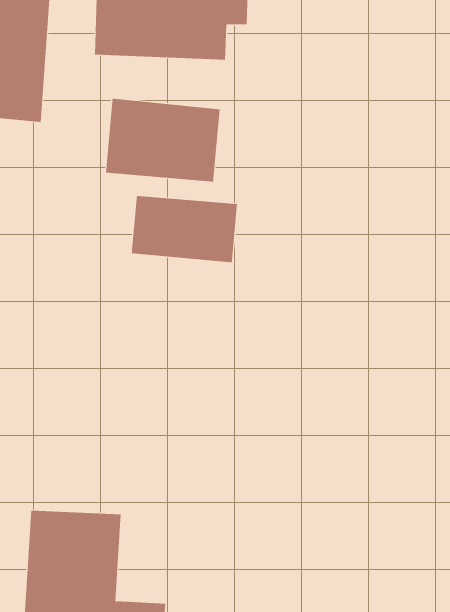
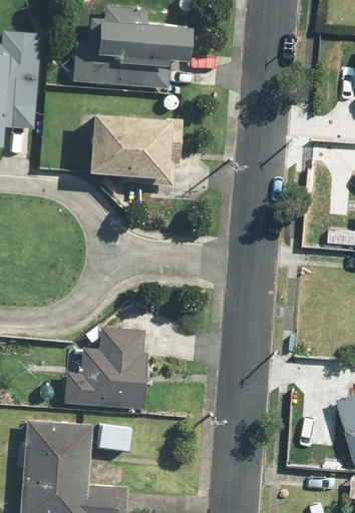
building: [131,195,238,263] -> none
building: none -> [64,327,148,410]

